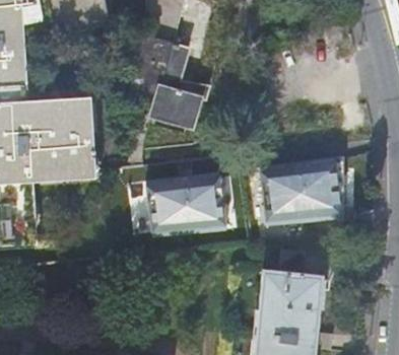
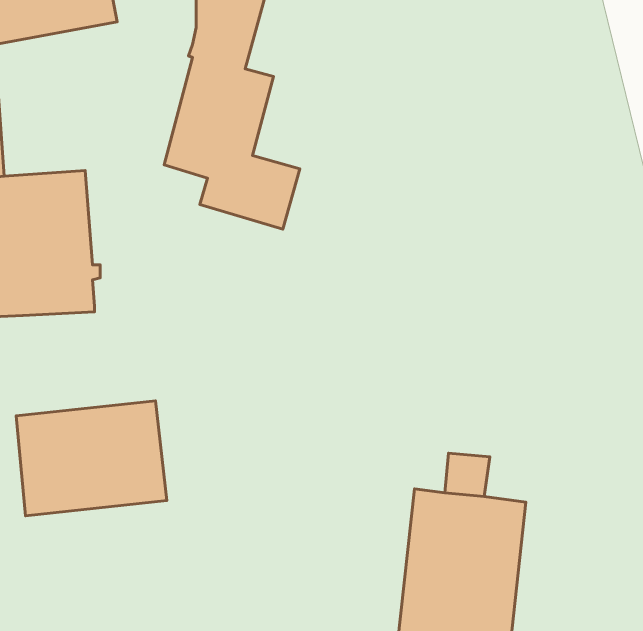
building: [253,156,343,227] -> none
building: [145,172,226,234] -> [16,401,167,516]

